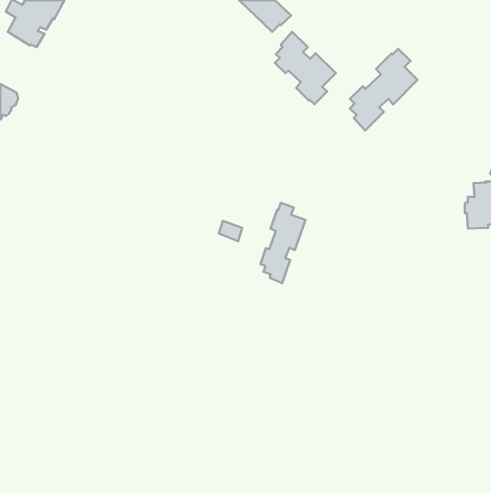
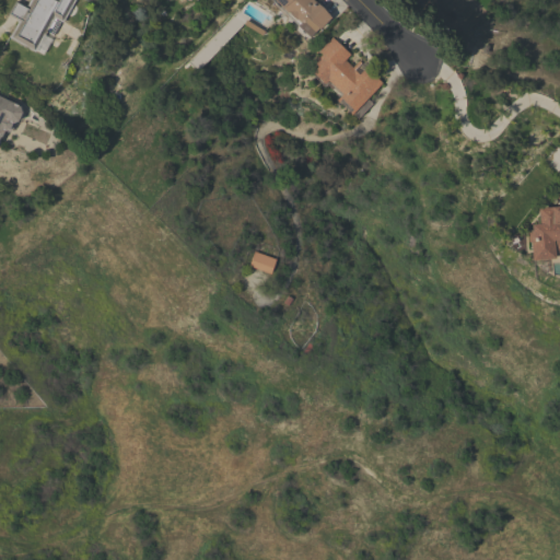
building: [350,49,418,131] -> none
building: [260,203,305,283] -> none

